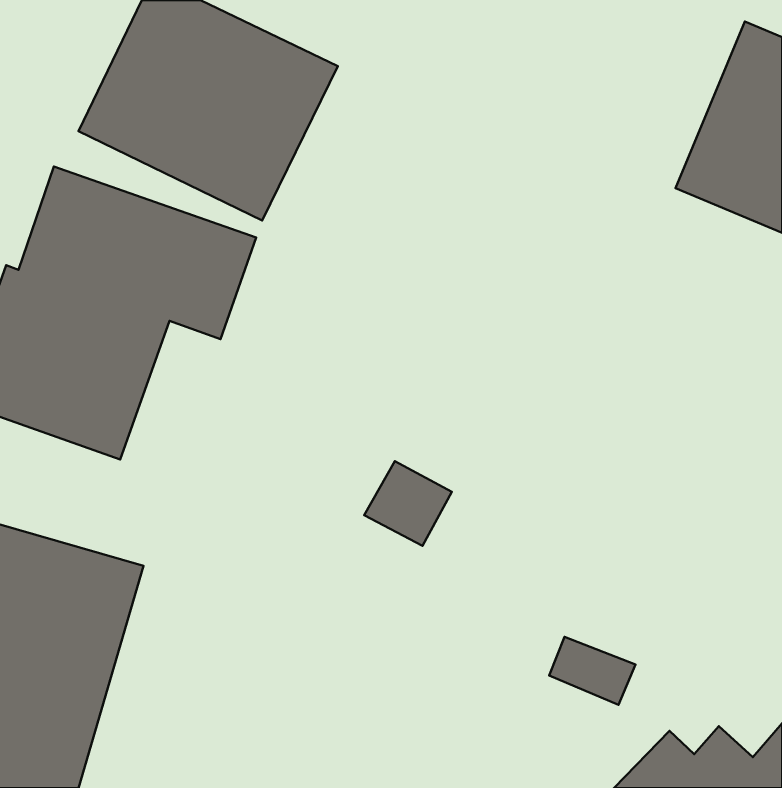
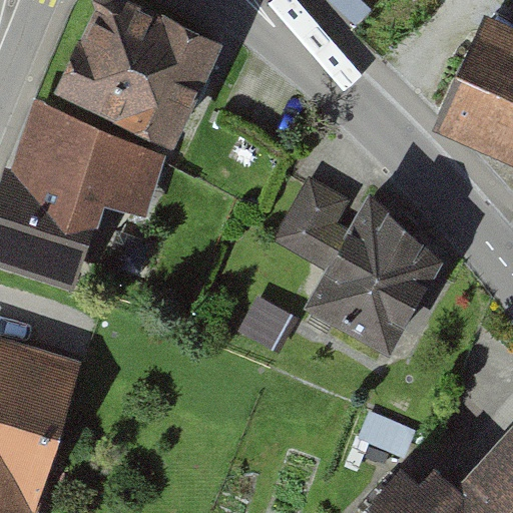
building: none -> [273,179,451,358]

